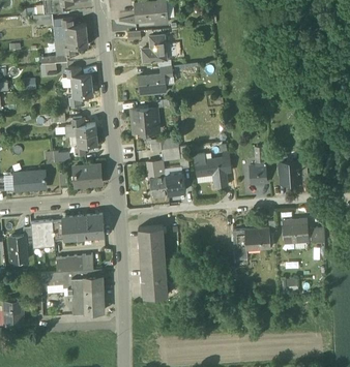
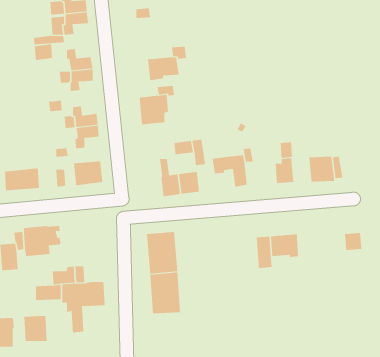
building: [143,36,166,63] -> none
building: [60,214,104,238] -> none
building: [283,219,308,242] -> none
building: [83,289,104,312] -> [24,315,47,342]

